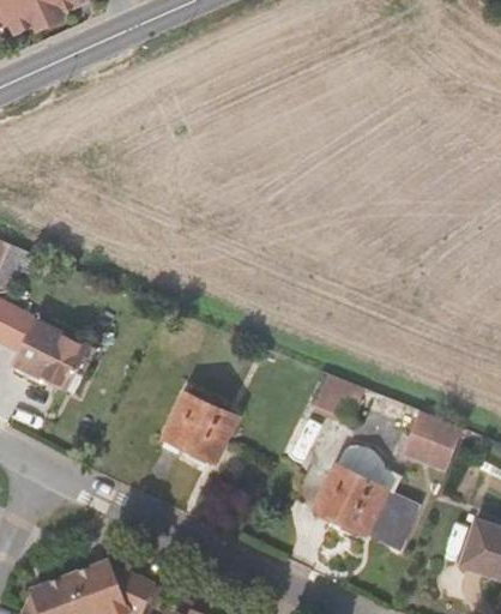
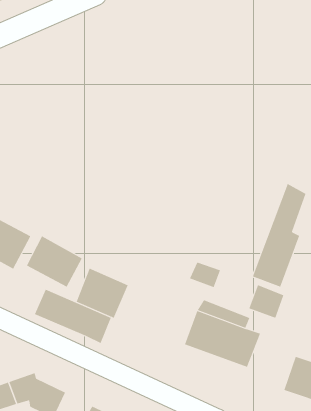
building: none -> [252,183,306,288]
building: none -> [26,235,82,288]
building: none -> [34,289,112,344]

